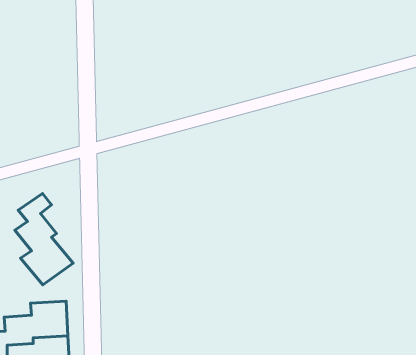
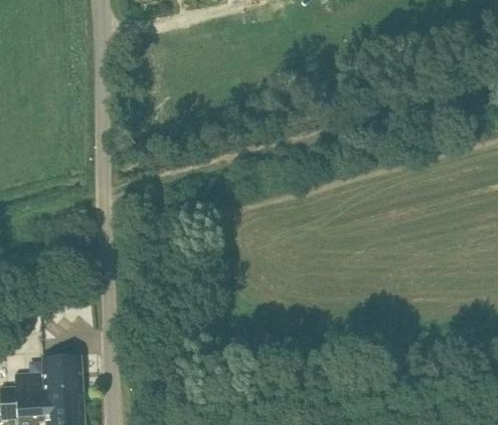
building: [15,193,73,285] -> none

